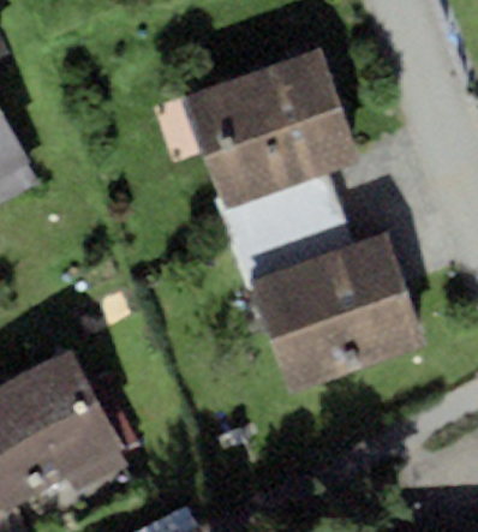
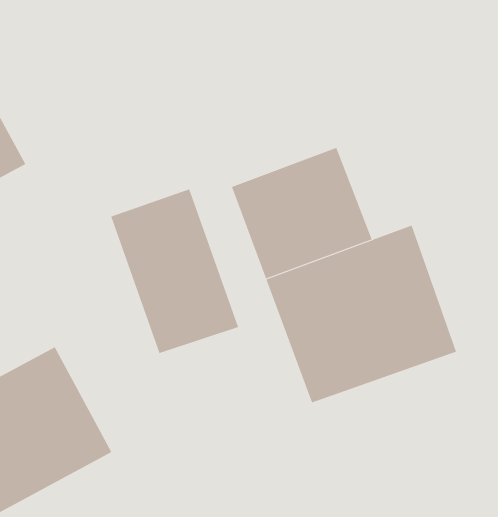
building: [189,46,362,205] -> none
building: none -> [111,188,239,354]

